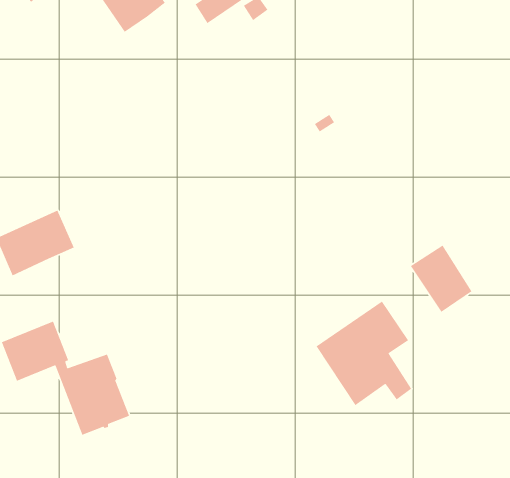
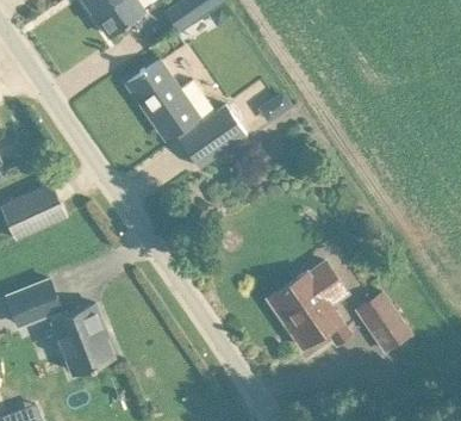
building: none -> [125,60,245,168]
building: [410,244,473,313] -> [356,292,409,349]

